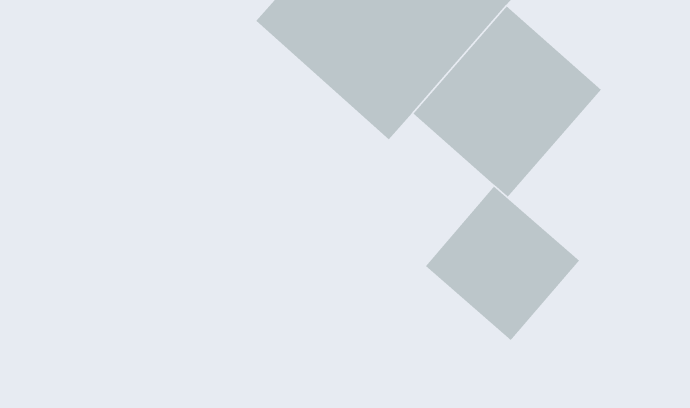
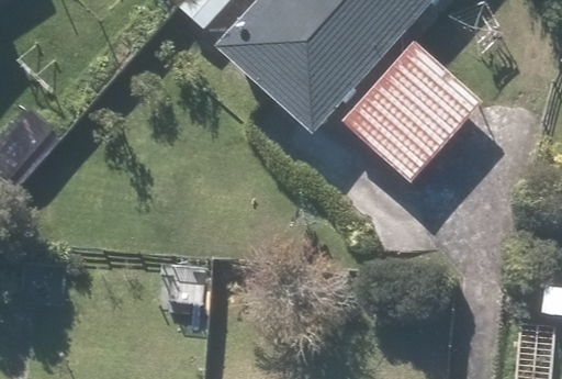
building: [425,186,580,341] -> none

